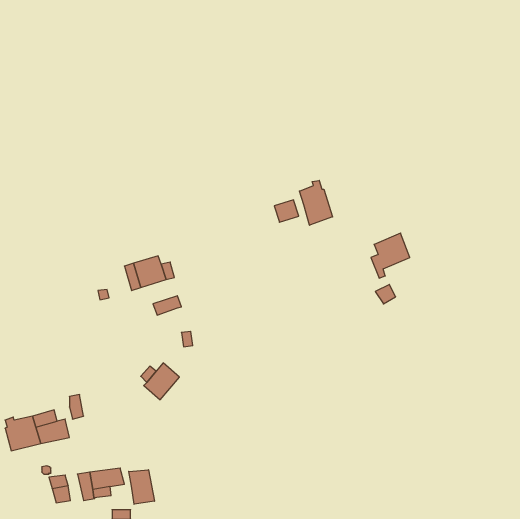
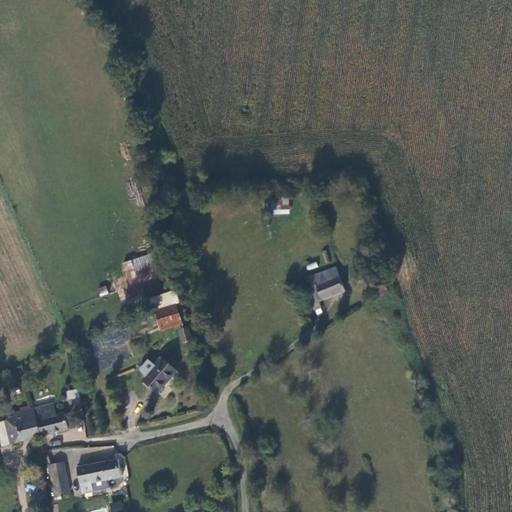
building: [299,180,333,225] -> none
building: [371,233,410,278] -> [306,264,344,308]
building: none -> [154,302,180,325]
building: [129,470,154,504] -> none

